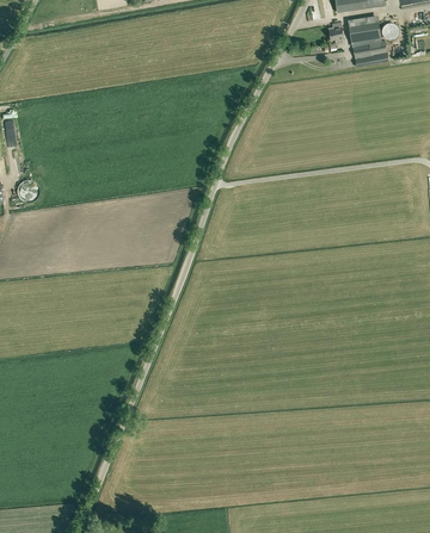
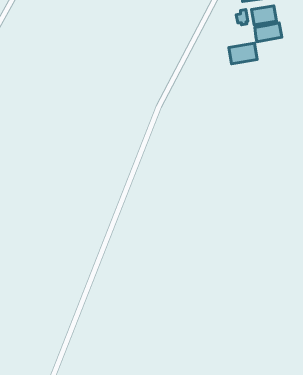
building: none -> [229,43,257,64]

